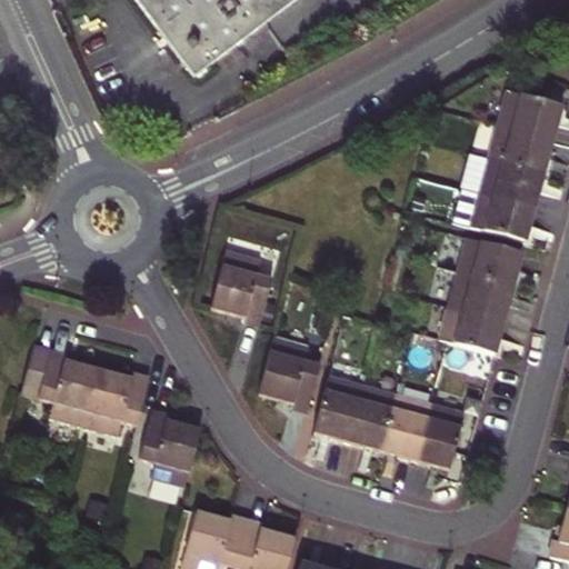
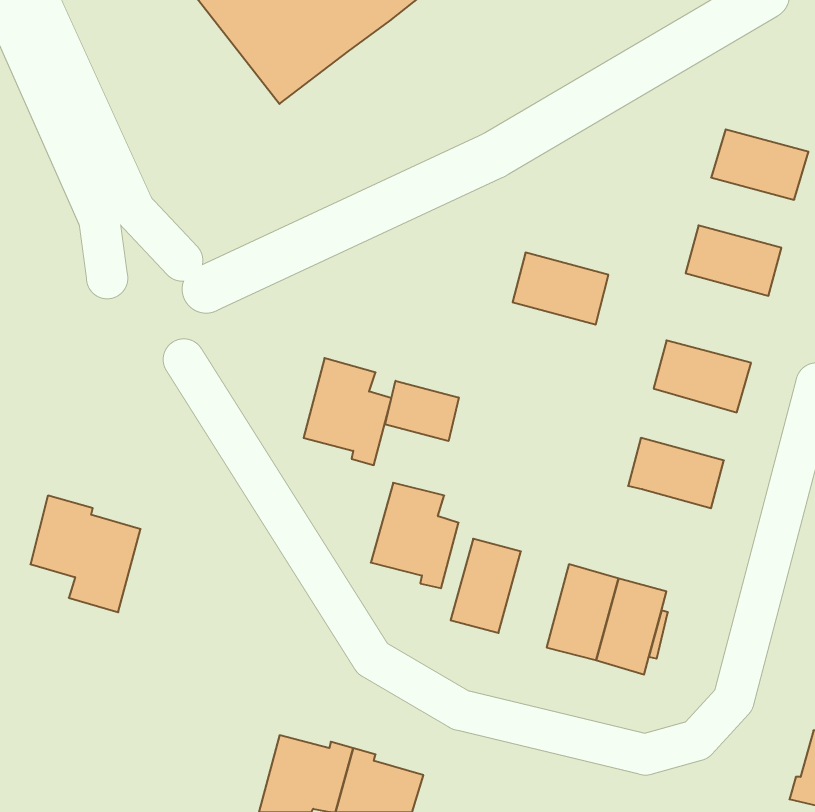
building: [487,123,553,172] -> none
building: [469,190,536,240] -> [513,253,608,325]
building: none -> [385,381,459,441]
building: [447,270,513,320] -> none
building: [83,368,150,435] -> none
building: [348,383,397,450] -> none
building: [139,410,201,486] -> none

